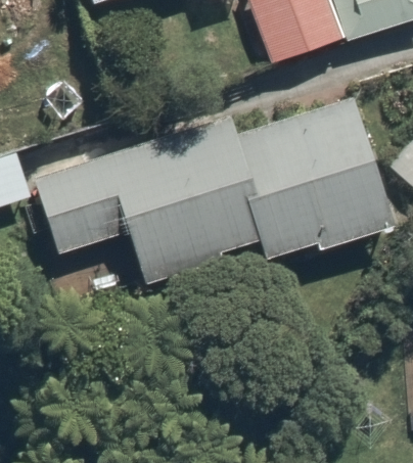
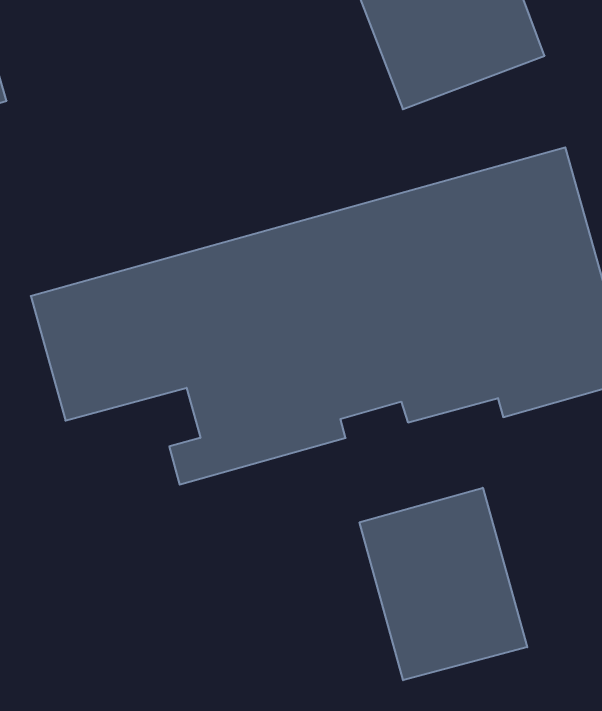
building: none -> [360,488,527,680]

